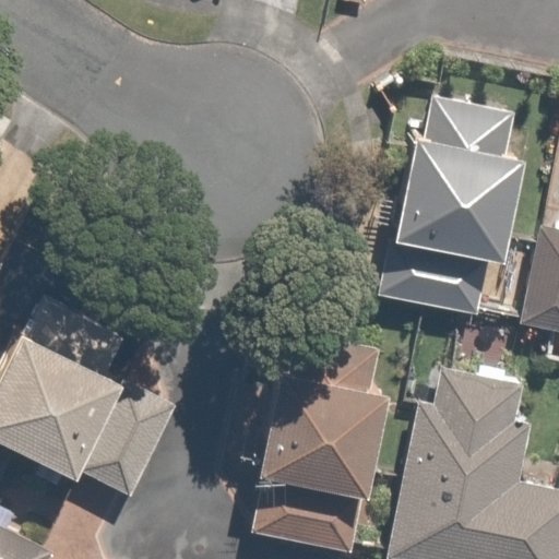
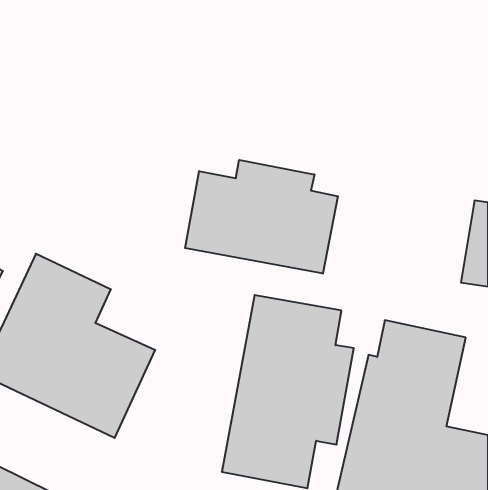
building: [389,100,528,319] -> none
building: none -> [185,160,338,274]

